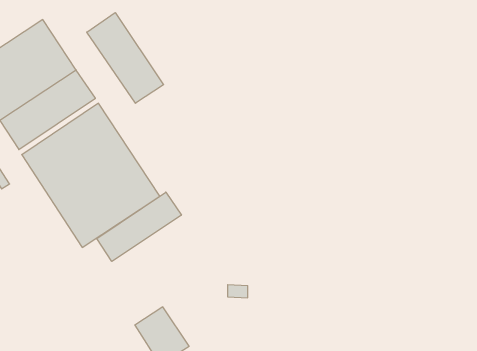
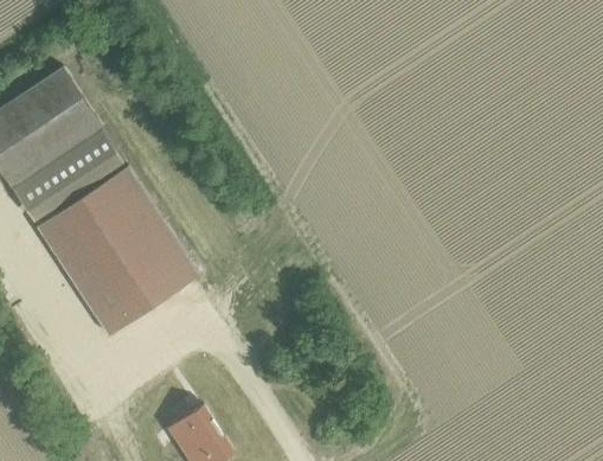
building: [87,13,164,103] -> none
building: [97,192,181,261] -> none

